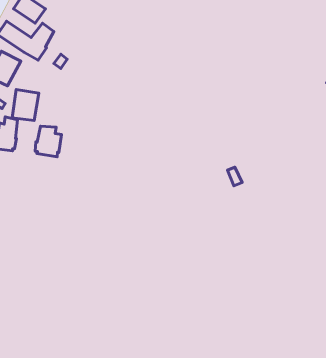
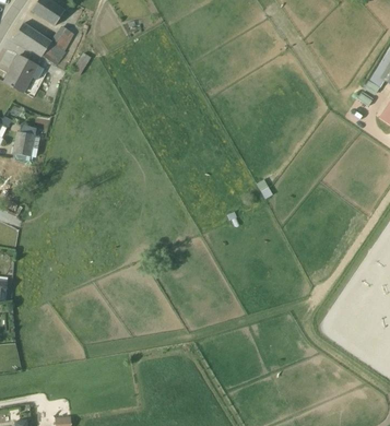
building: [12,90,39,120] -> none
building: [35,126,62,157] -> none

